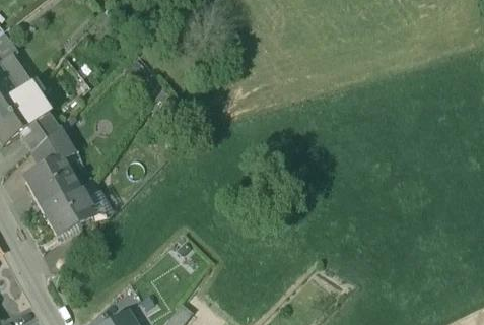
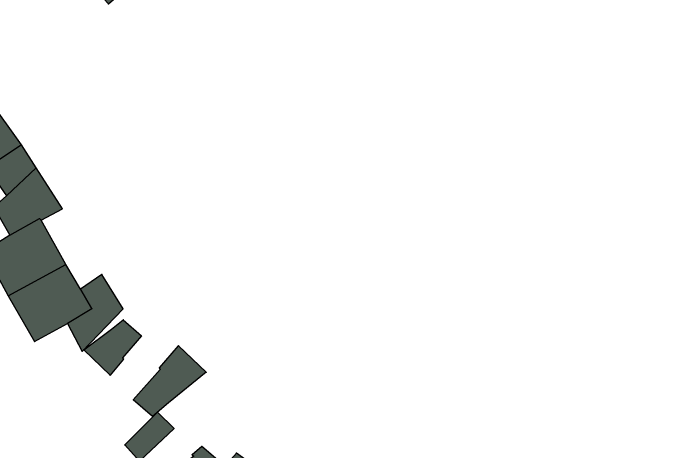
building: none -> [84,320,141,375]
building: none -> [133,346,206,416]

